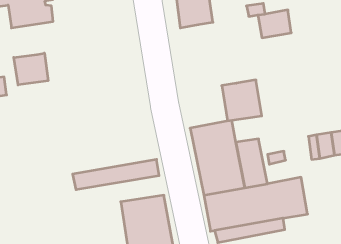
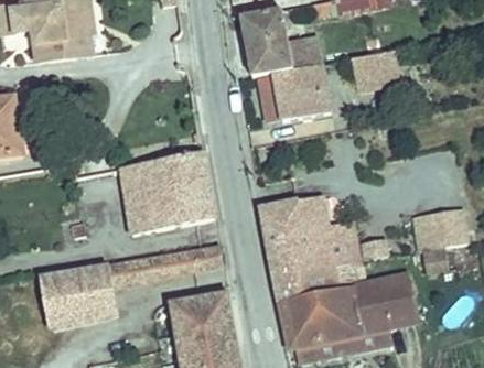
building: [14,53,48,85] -> none
building: [222,80,262,121] -> [272,56,326,111]
building: none -> [110,152,212,236]
building: none -> [40,266,111,324]

